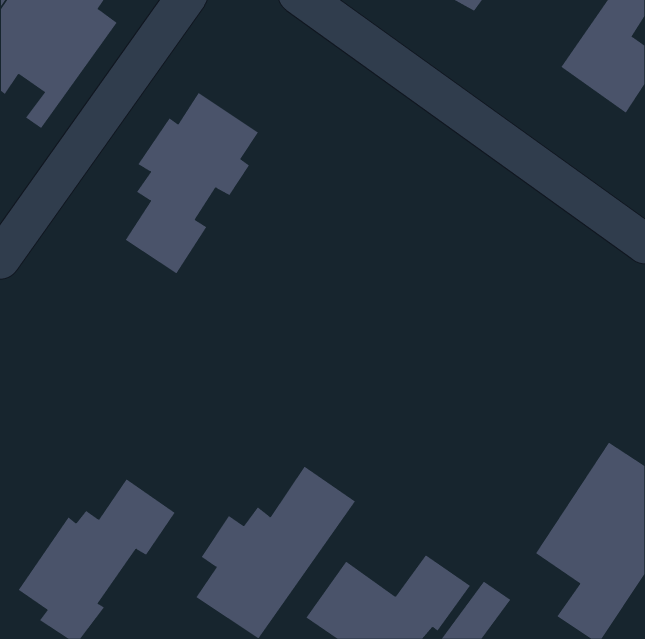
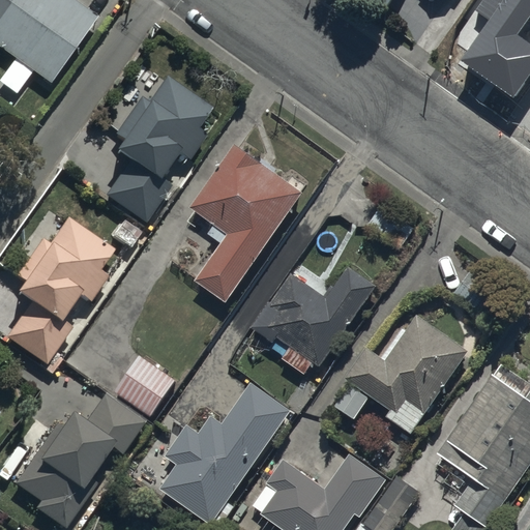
building: none -> [192,146,303,302]
building: none -> [4,217,112,366]
building: none -> [251,263,380,375]
building: none -> [345,315,470,434]
building: none -> [116,355,175,415]

